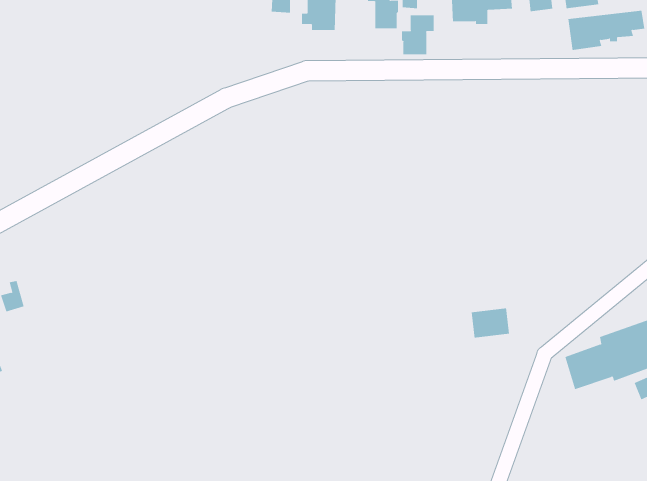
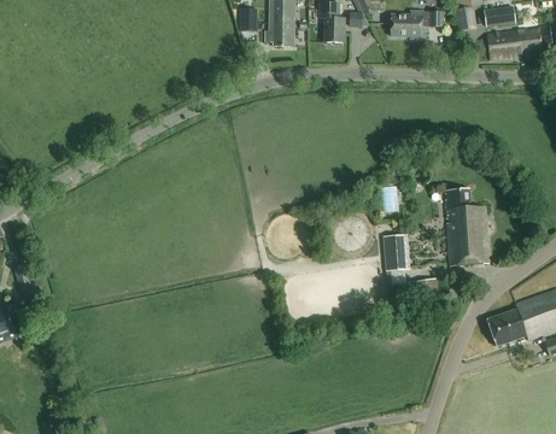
building: [401,15,434,55] -> none
building: none -> [445,188,490,266]
building: none -> [381,233,409,270]

